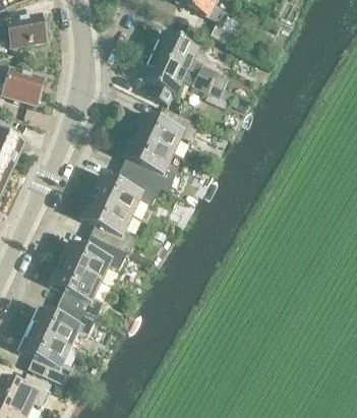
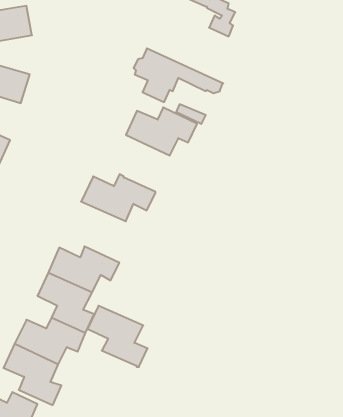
building: [152,31,228,87] -> none
building: [122,134,175,191] -> none
building: [80,196,136,253] -> [87,306,148,367]

